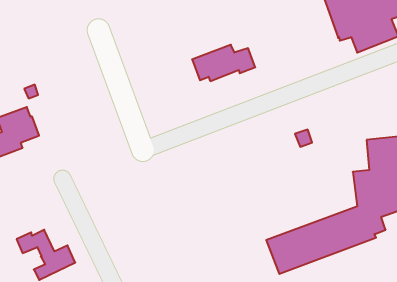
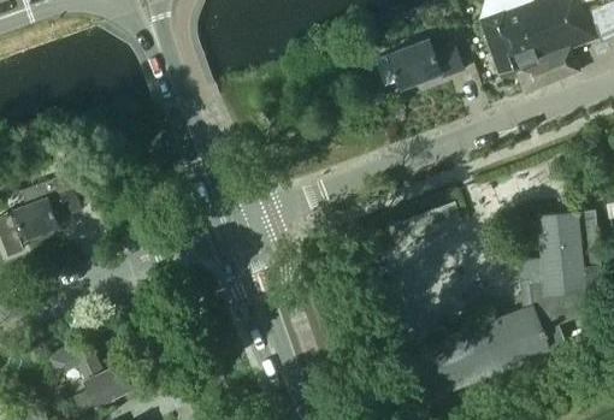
building: [192,45,255,81] -> [376,39,464,89]

